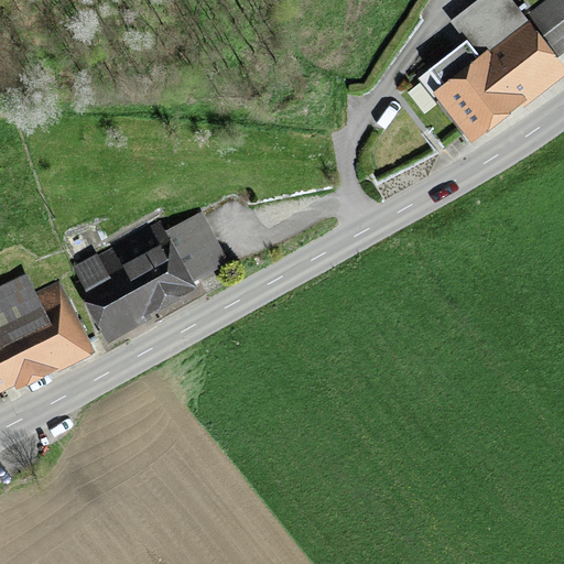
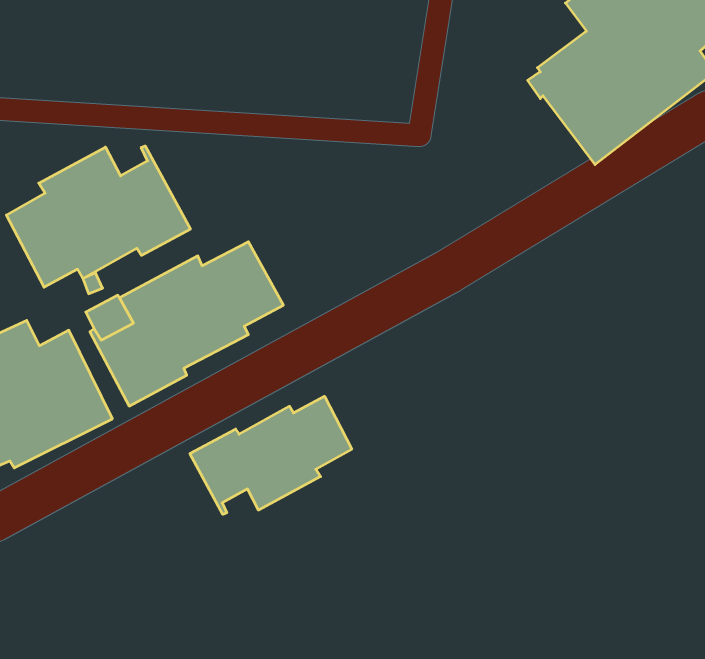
building: none -> [6,146,190,287]
building: none -> [190,396,352,514]

